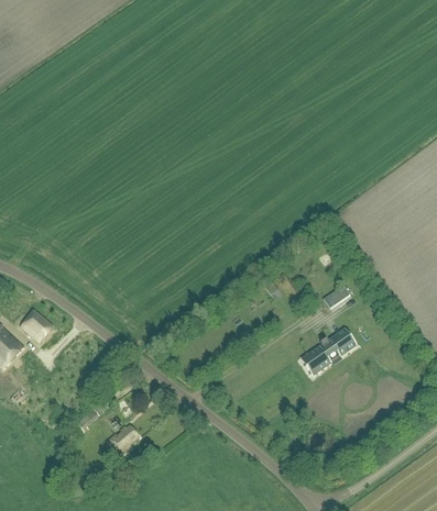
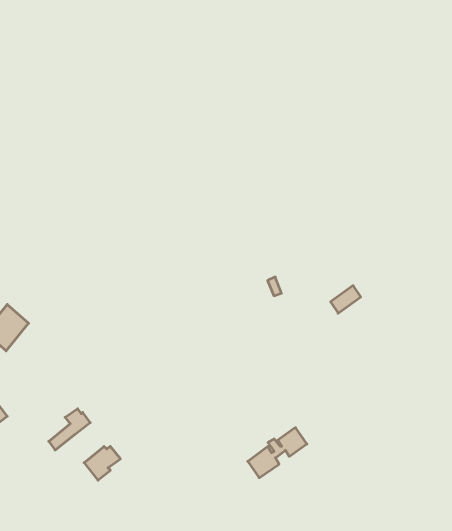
building: [303,329,354,373] -> [248,428,307,478]

